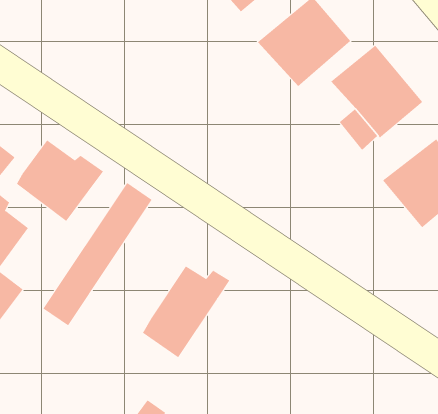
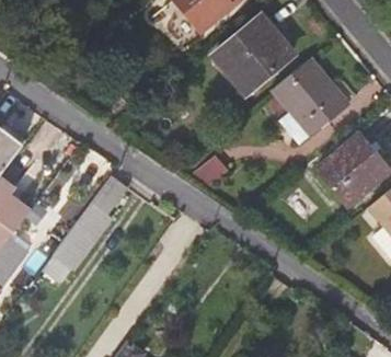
building: [16,140,104,222] -> none
building: [142,265,230,358] -> none

